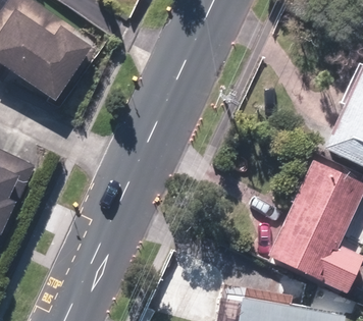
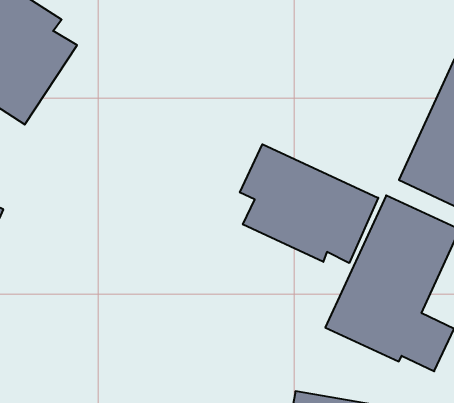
building: none -> [240,144,378,263]

